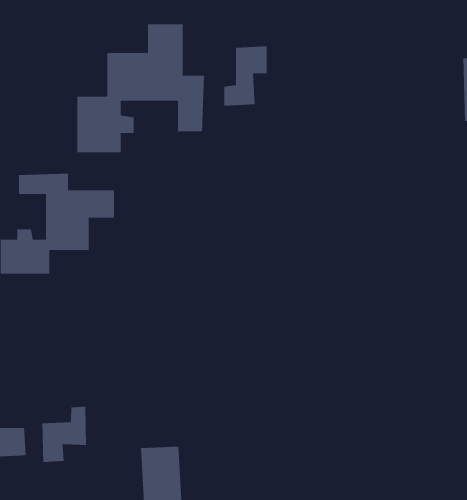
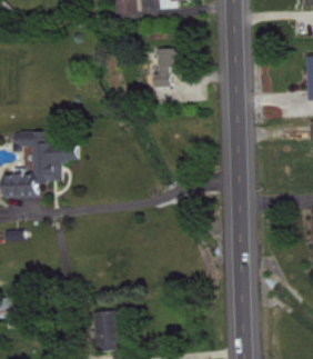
building: [77,23,205,153] -> none
building: [42,406,87,463] -> none

